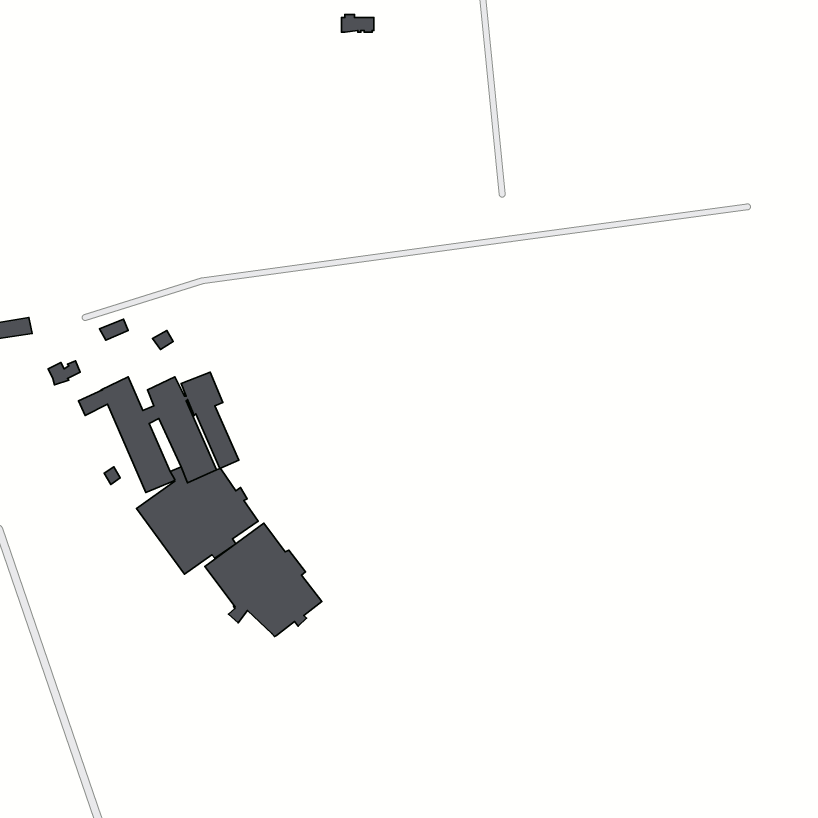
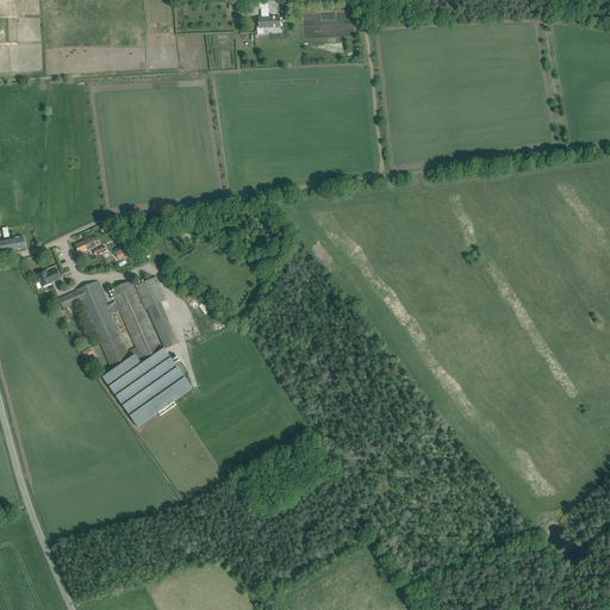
building: [205,523,322,636] -> none

